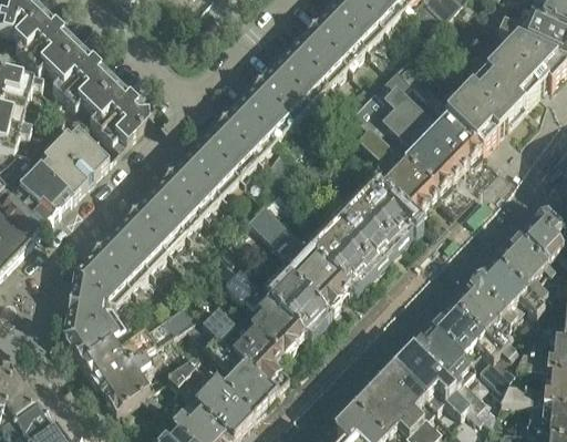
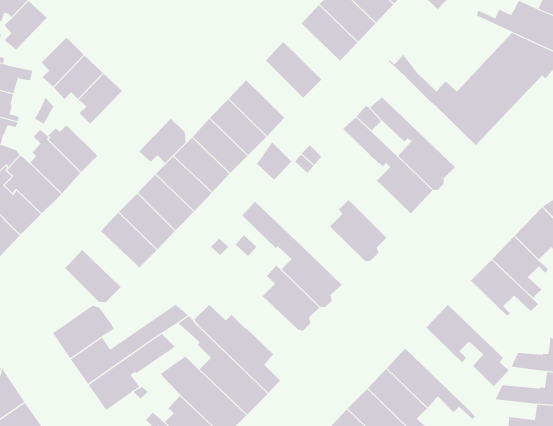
building: [27,21,76,65] -> none
building: [290,27,347,82] -> none
building: [254,63,310,120] -> none
building: [373,64,481,168] -> none
building: [100,93,147,138] -> [138,118,187,164]
building: [359,176,416,238] -> none
building: [302,219,371,285] -> none
building: [92,232,148,287] -> none
building: [225,267,305,353] -> none
building: [62,268,107,332] -> none
building: [453,280,516,357] -> none
building: [411,327,483,407] -> none

